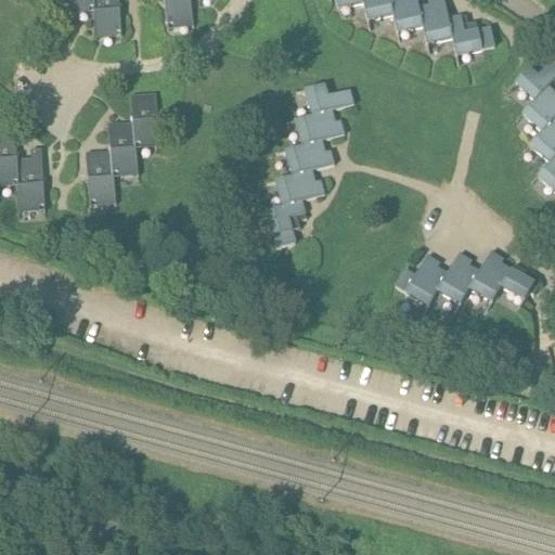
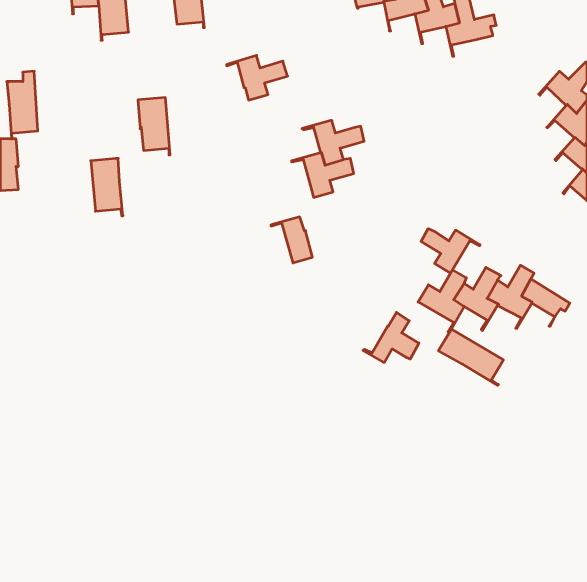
building: [451,27,494,65] -> none
building: [296,83,353,126] -> [227,55,288,100]
building: [108,120,139,175] -> none
building: [15,147,44,211] -> [7,71,38,139]
building: [266,175,324,220] -> none
building: none -> [421,229,480,273]
building: none -> [363,312,419,362]
building: none -> [439,329,503,385]

